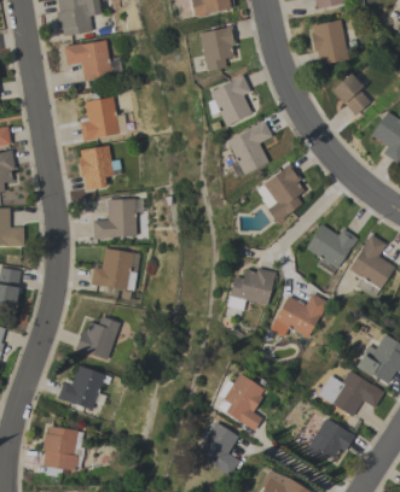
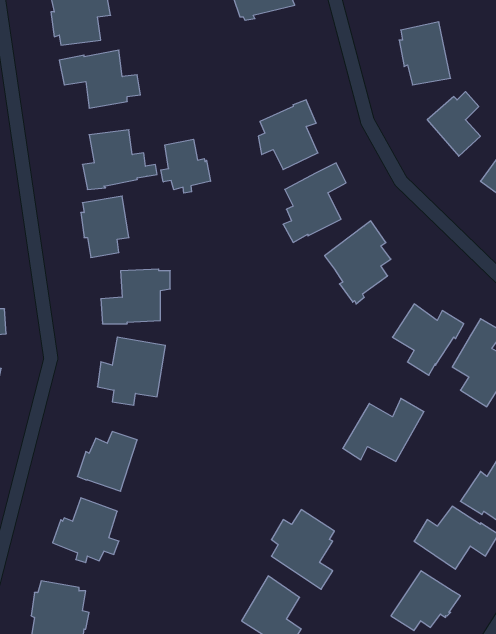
building: [199,24,234,70] -> none
building: none -> [161,139,211,193]
building: [227,266,276,310] -> none

